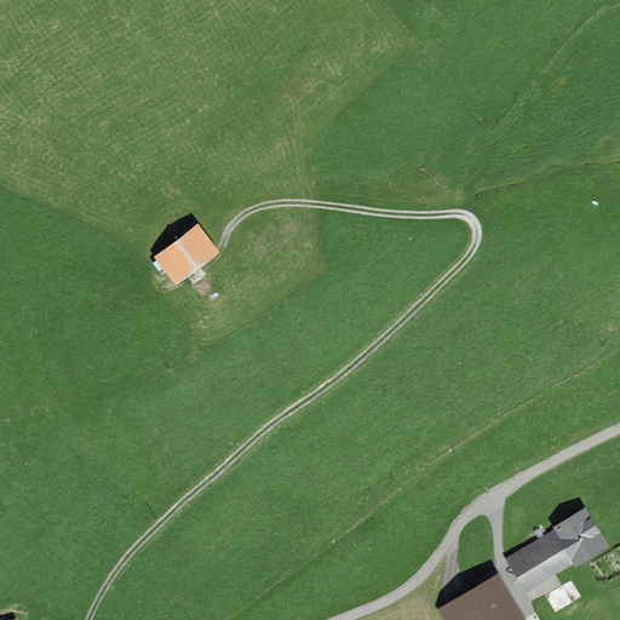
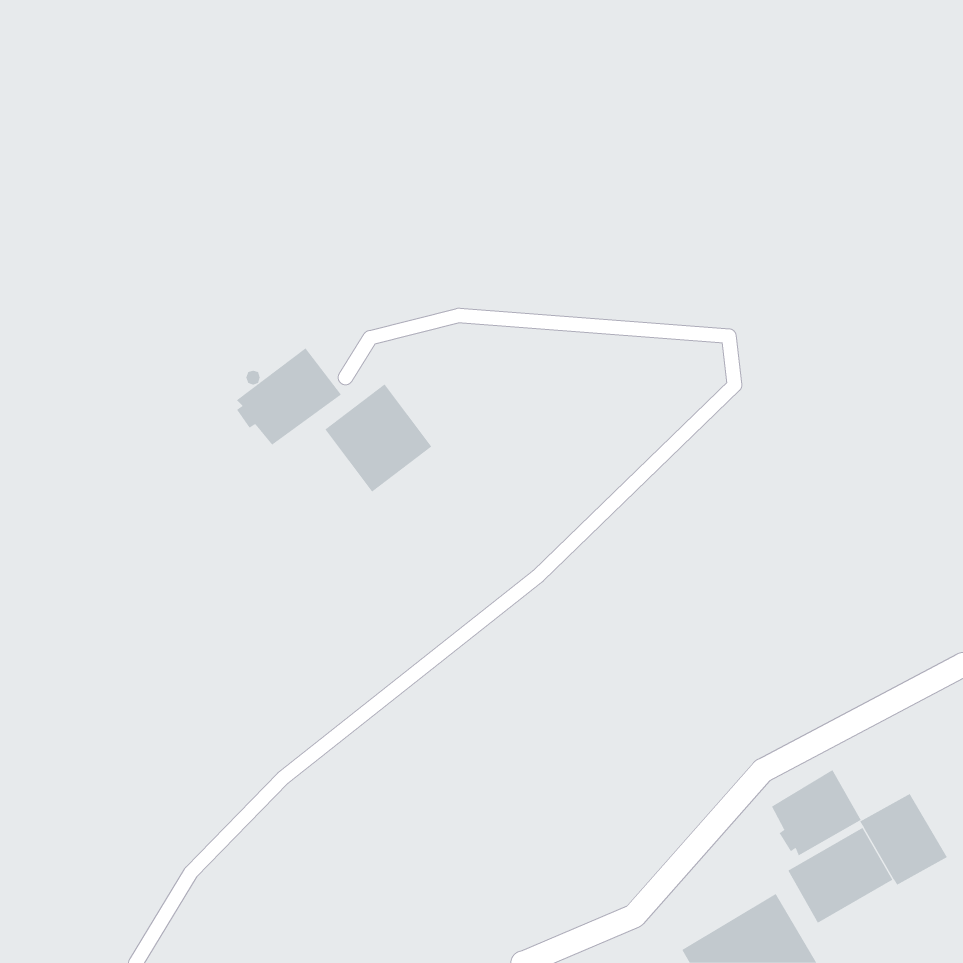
building: none -> [324,384,432,492]
building: none -> [771,769,861,856]

